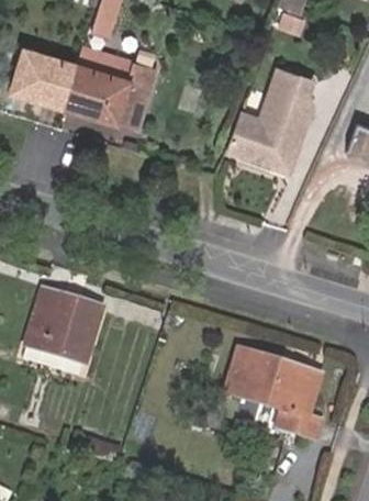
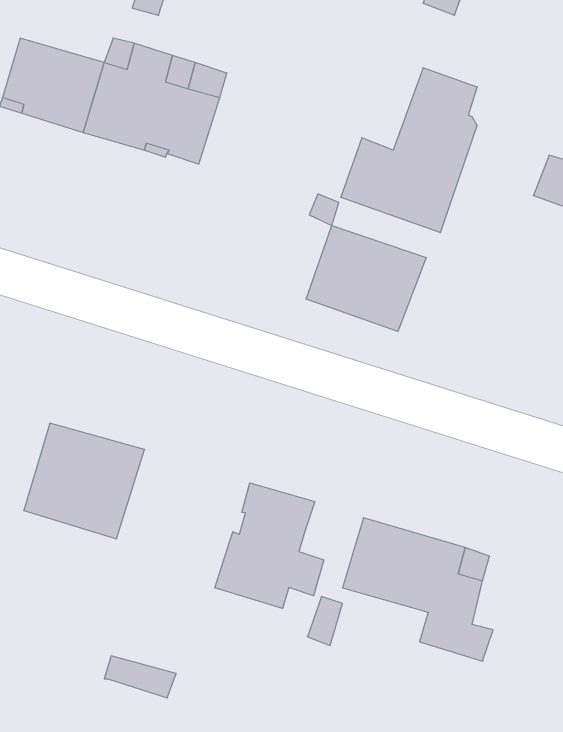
building: none -> [306,225,426,331]
building: none -> [215,483,324,609]

